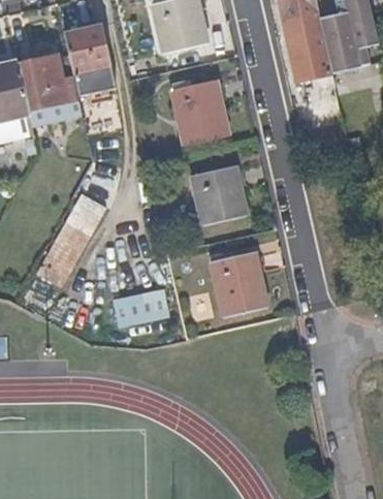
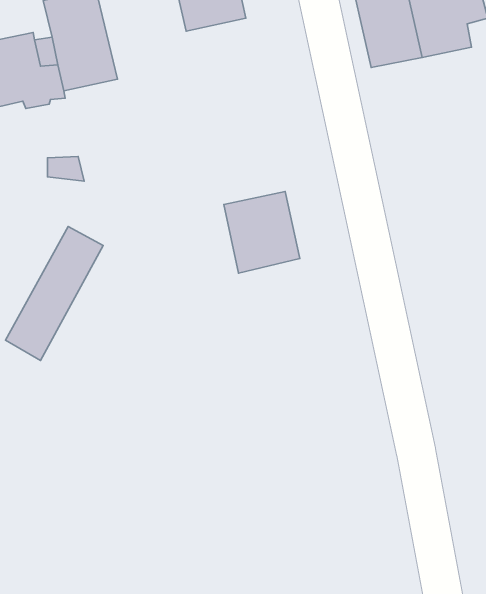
building: [172,81,228,146] -> none
building: [212,250,266,315] -> none
building: [113,287,170,325] -> none

